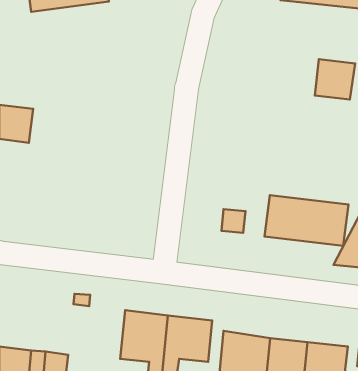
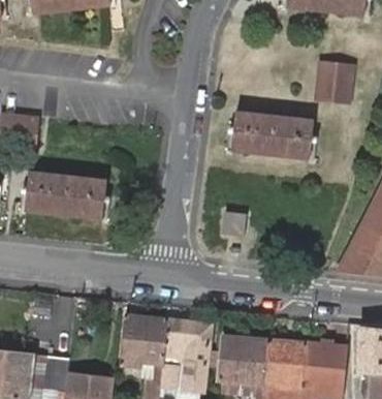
building: none -> [21,167,104,215]
building: [265,195,348,246] -> [228,108,312,158]

